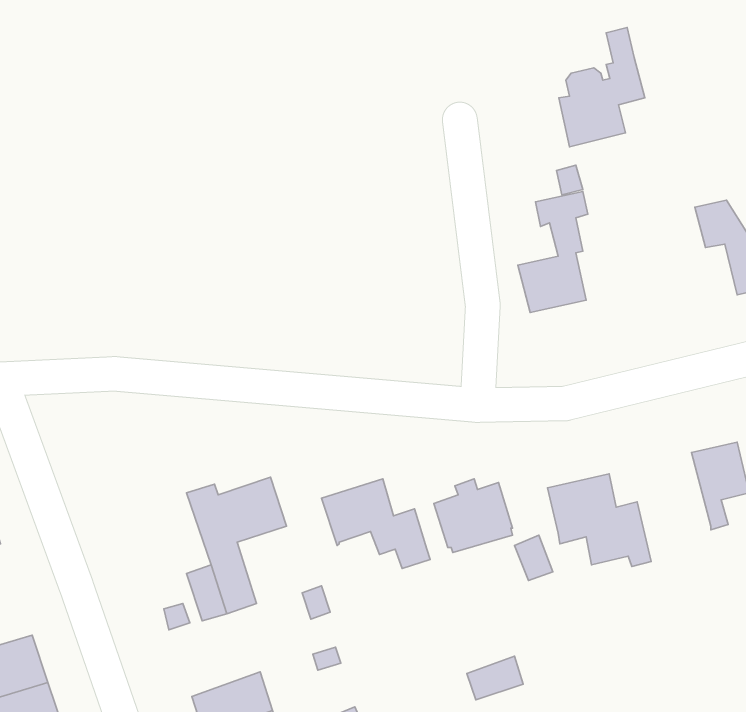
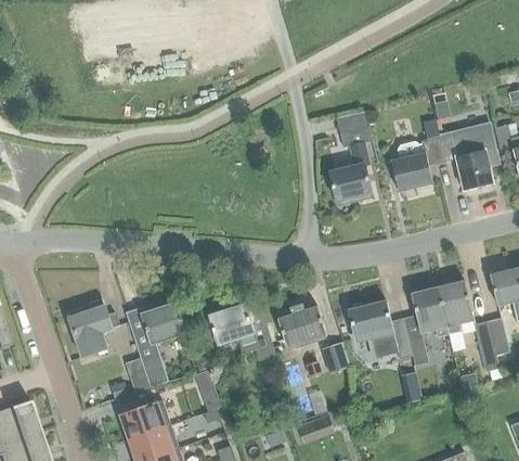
building: [559,28,645,147] -> [392,118,445,192]
building: none -> [403,289,449,366]
building: none -> [67,306,119,356]
building: none -> [119,400,170,439]

